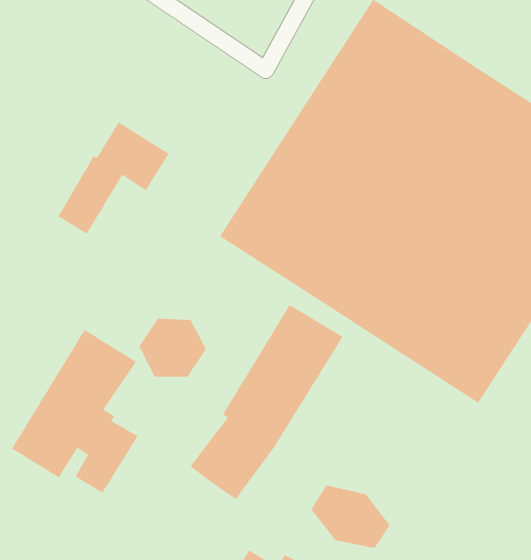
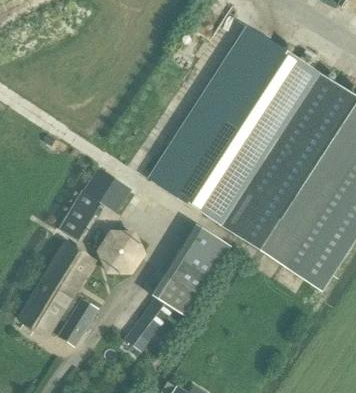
building: [58,121,169,235] -> [59,167,131,240]
building: [311,484,390,549] -> none

